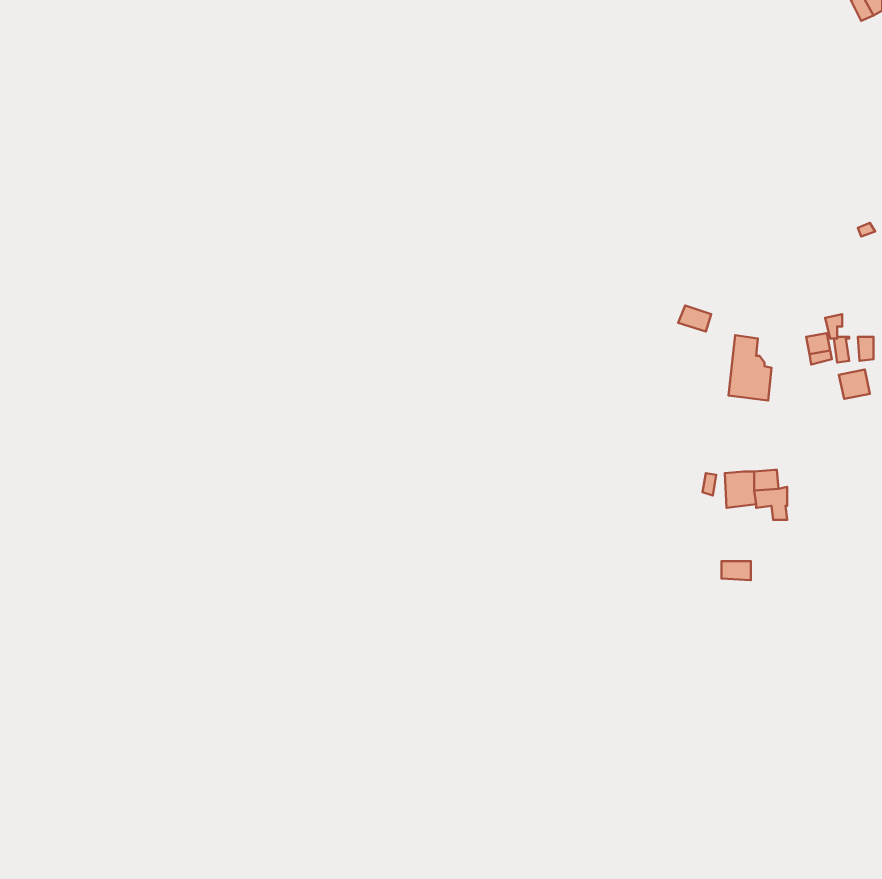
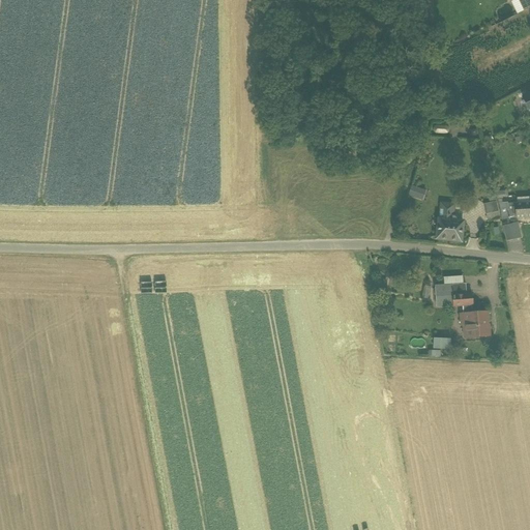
building: none -> [460,310,490,336]

